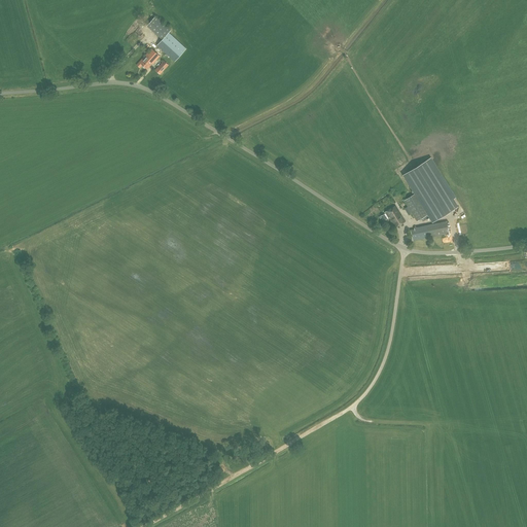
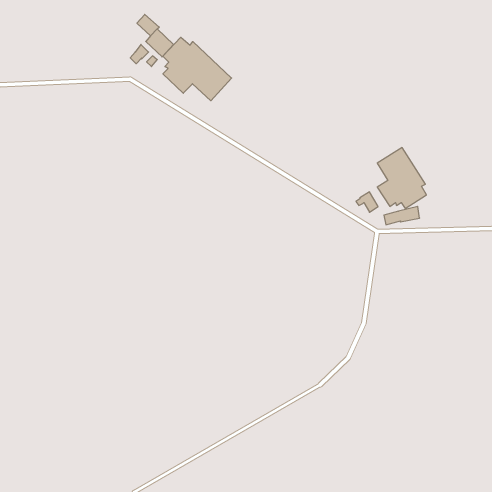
building: none -> [163,37,232,101]

